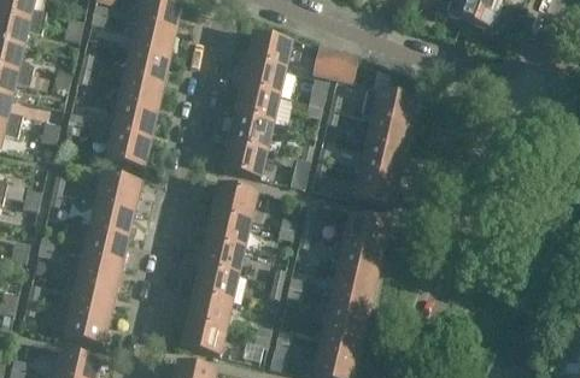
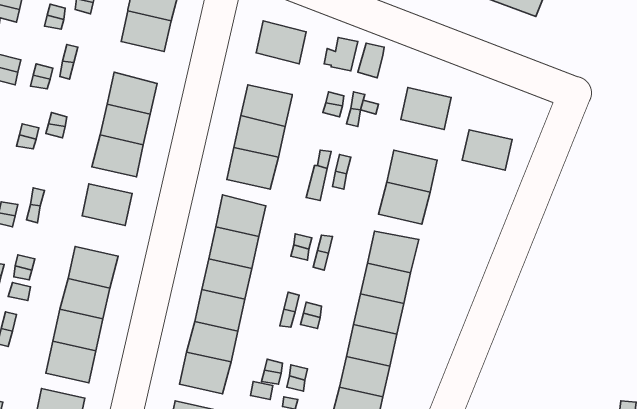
building: [124,51,168,87] -> none
building: [240,60,285,96] -> none
building: [367,118,410,153] -> [462,130,512,170]
building: [90,201,134,236] -> none

